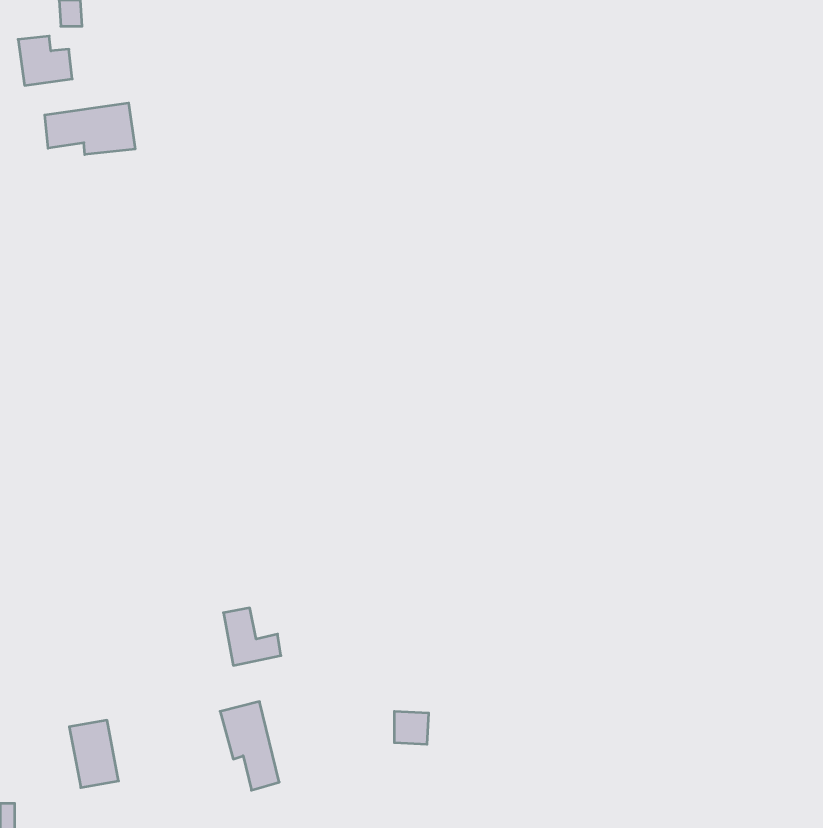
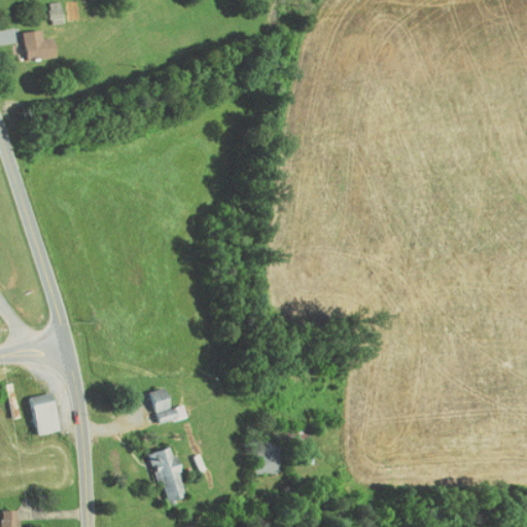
building: [45,103,135,155] -> none
building: [69,720,119,788] -> [29,393,60,435]

